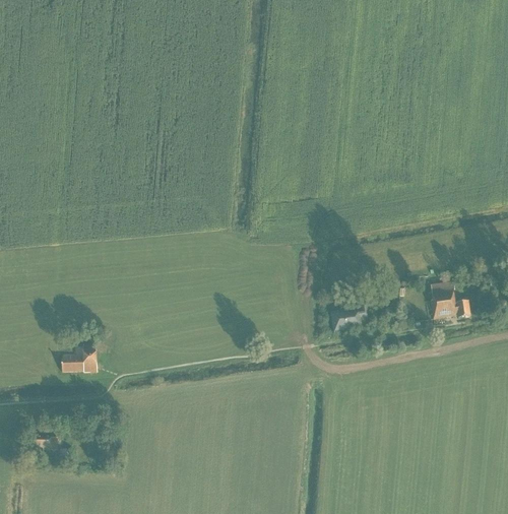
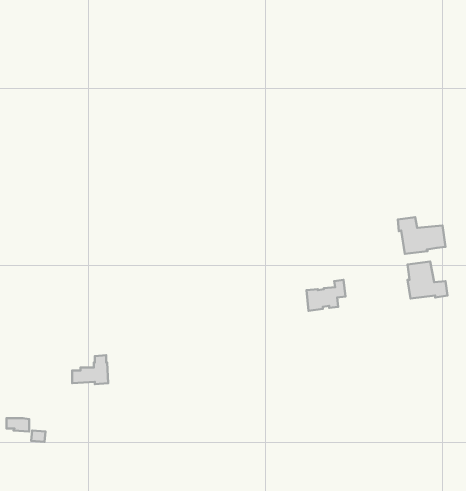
building: none -> [398,217,445,254]
building: [61,344,97,373] -> [72,355,108,384]

